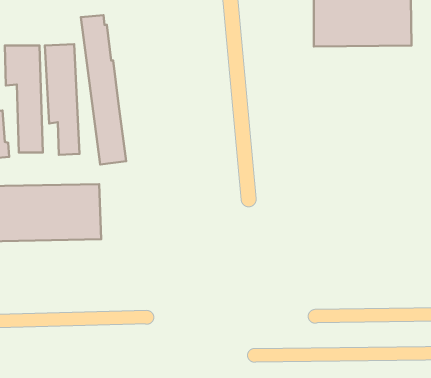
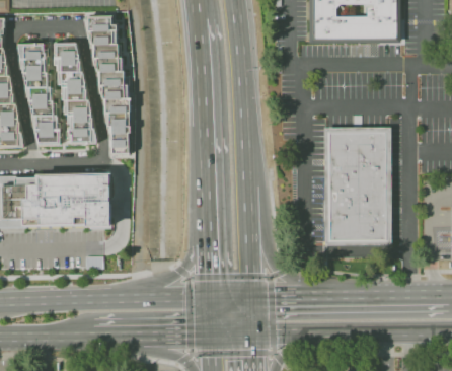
building: none -> [324,127,391,244]

